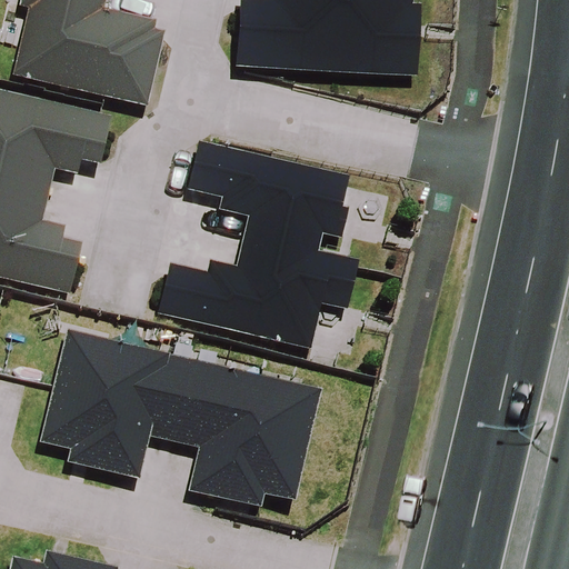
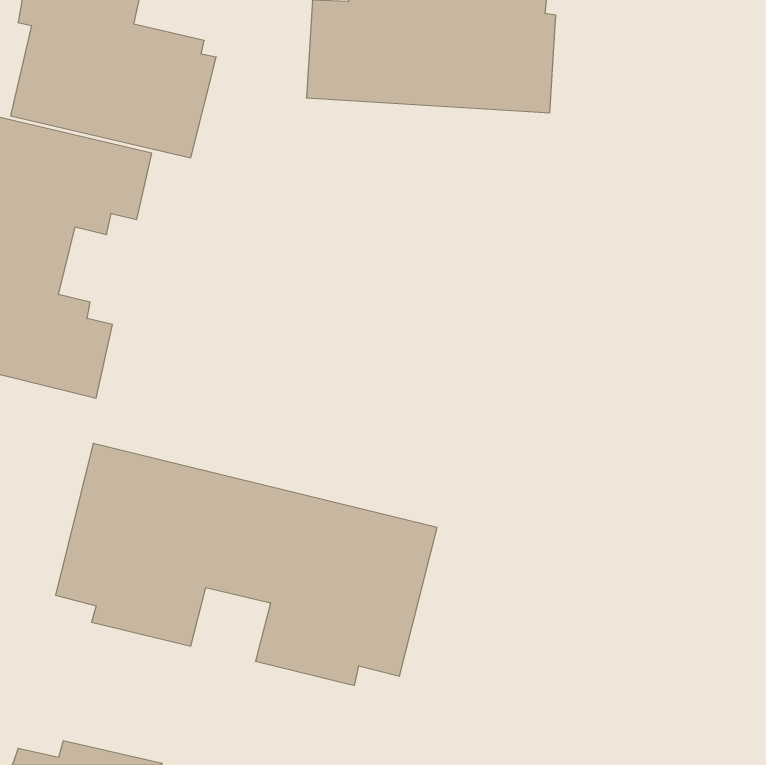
building: [158,139,360,349] -> none

